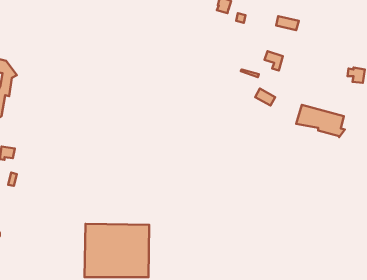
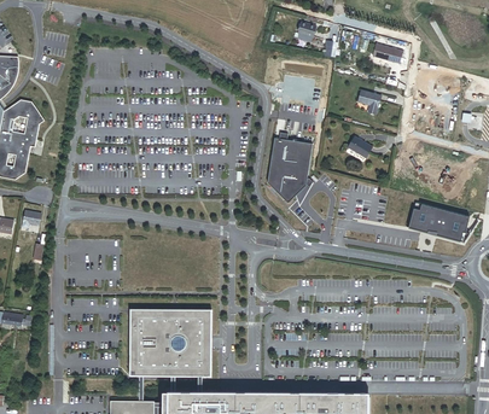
building: none -> [268,138,312,202]
building: [296,105,345,137] -> [408,204,470,245]

